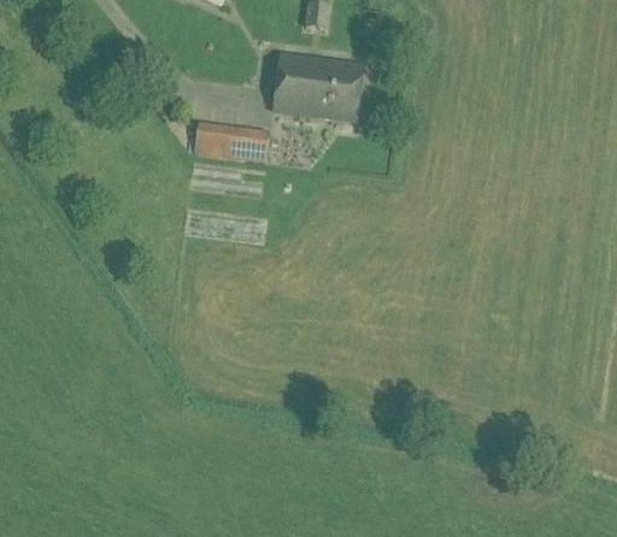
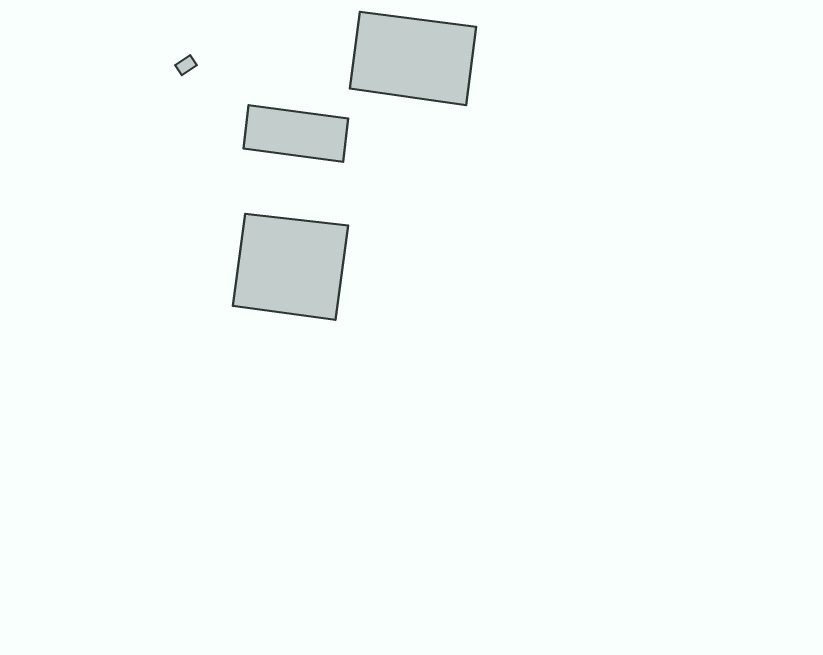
building: none -> [233,214,348,320]

